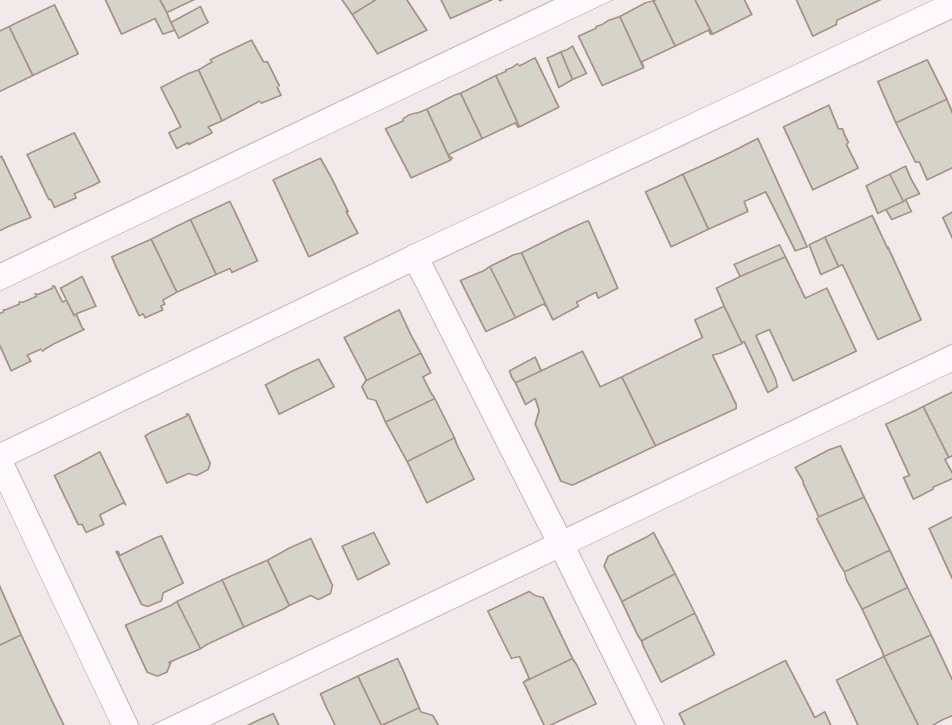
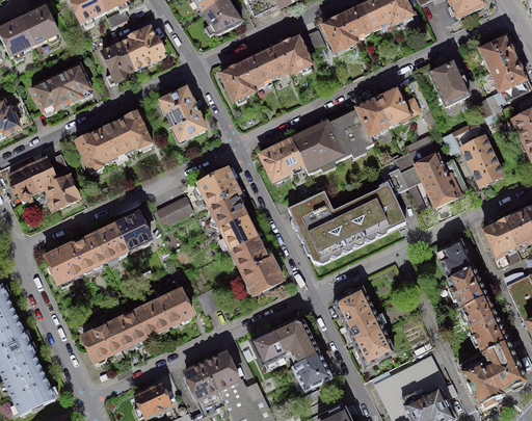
building: none -> [55,62,91,101]
building: none -> [326,106,373,157]
building: none -> [45,174,79,209]
building: none -> [115,213,150,249]
building: none -> [241,256,282,293]
building: [116,536,183,607] -> [69,235,104,272]
building: none -> [249,327,286,364]

